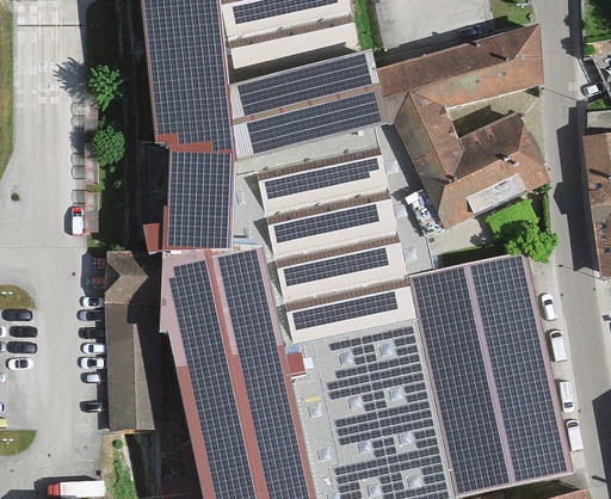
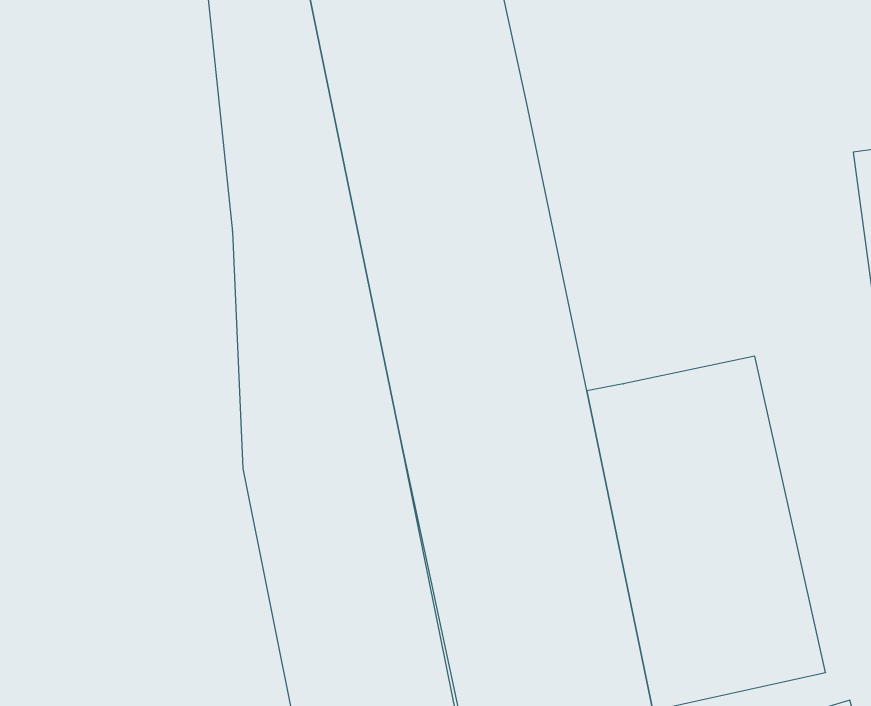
building: [366,31,545,277] -> none

